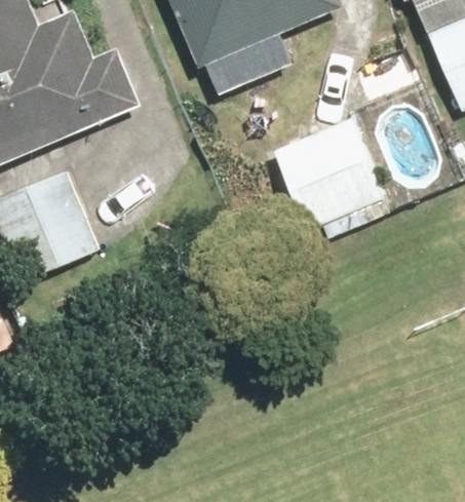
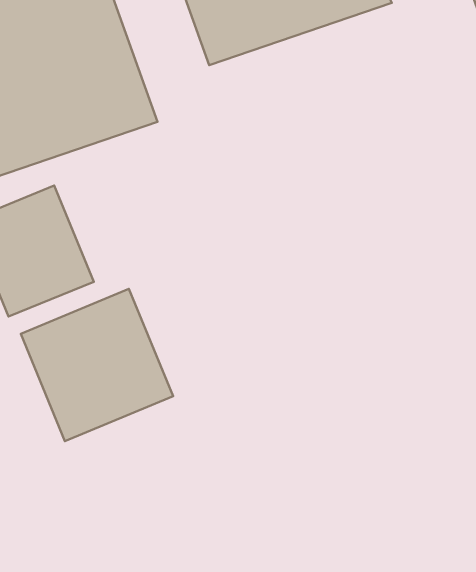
building: [278,104,413,214] -> none
building: none -> [21,289,173,441]

